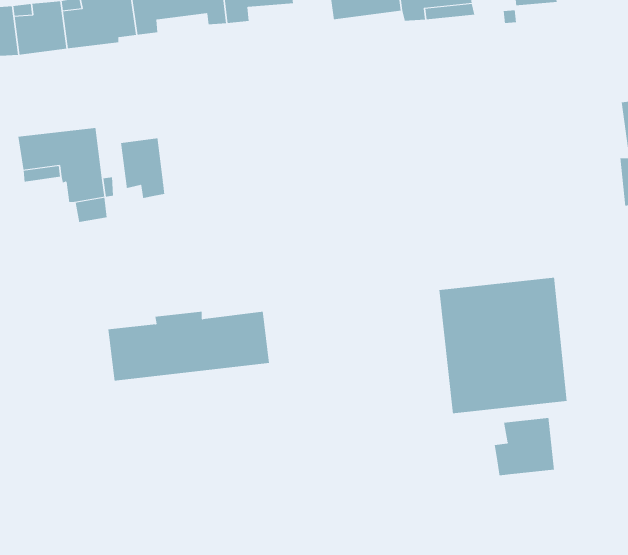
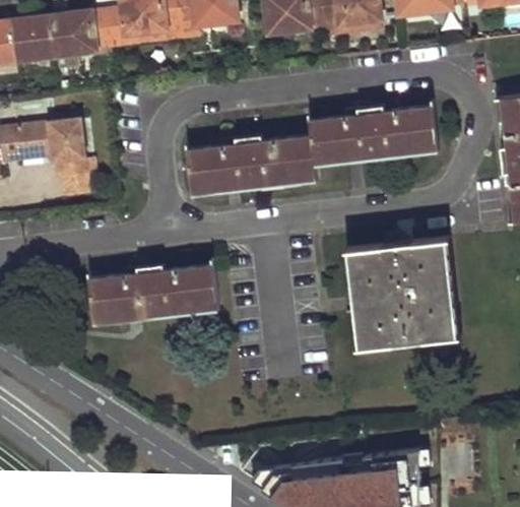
building: none -> [187,108,436,191]
building: [120,138,165,199] -> none
building: [494,417,554,476] -> none

